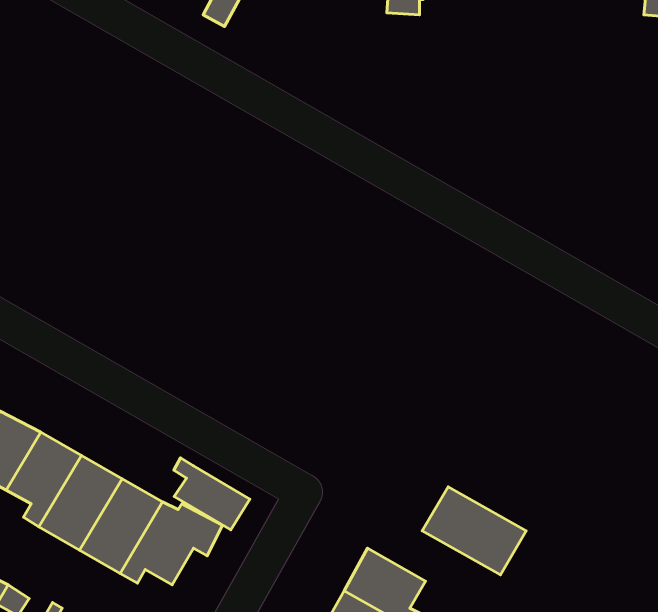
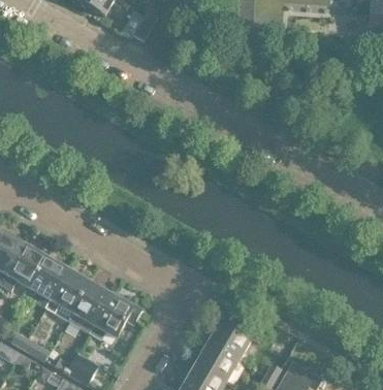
building: [174,458,250,530] -> none
building: [422,487,526,575] -> none

